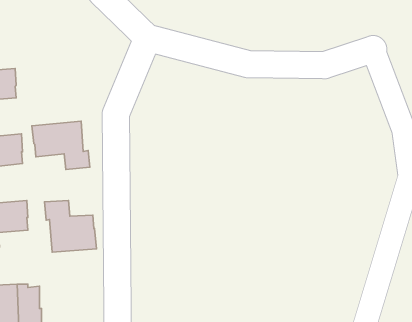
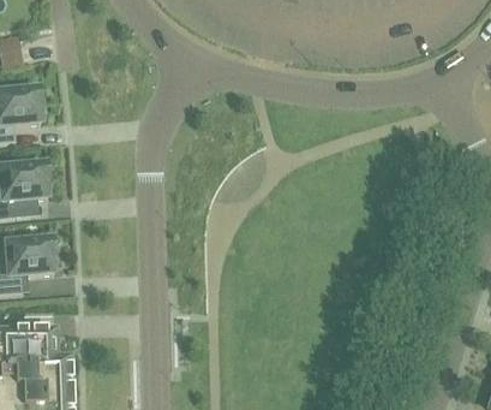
building: [32,121,90,169] -> none
building: [45,200,97,252] -> none

